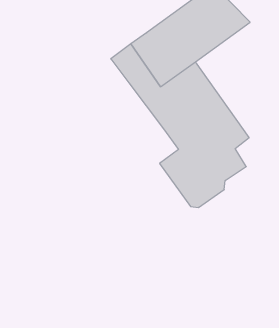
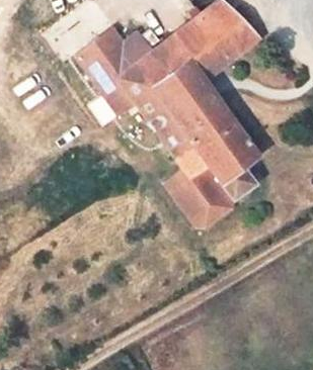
building: none -> [75,27,154,110]

